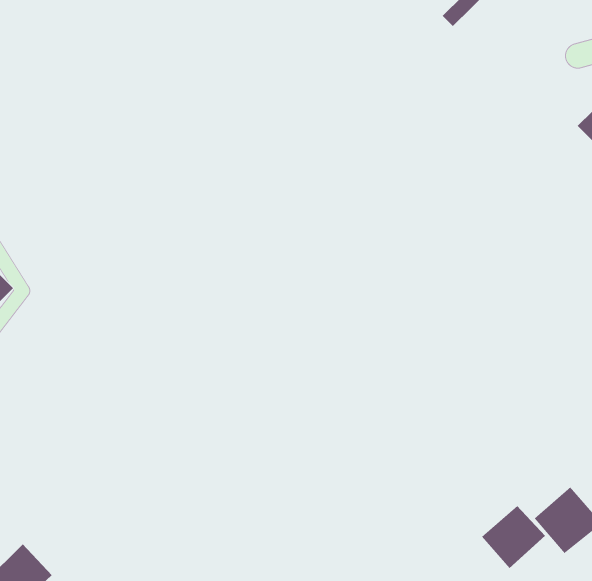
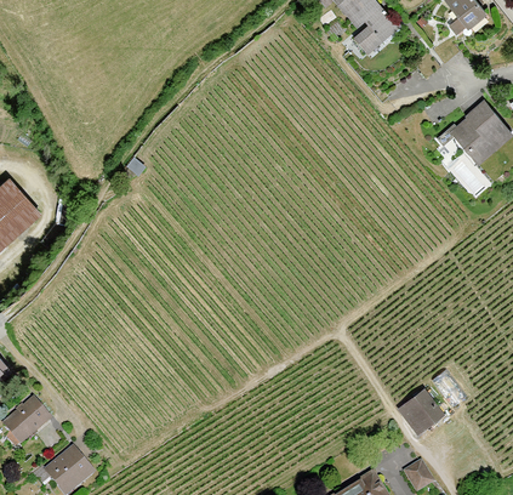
building: [481,505,546,569] -> none

